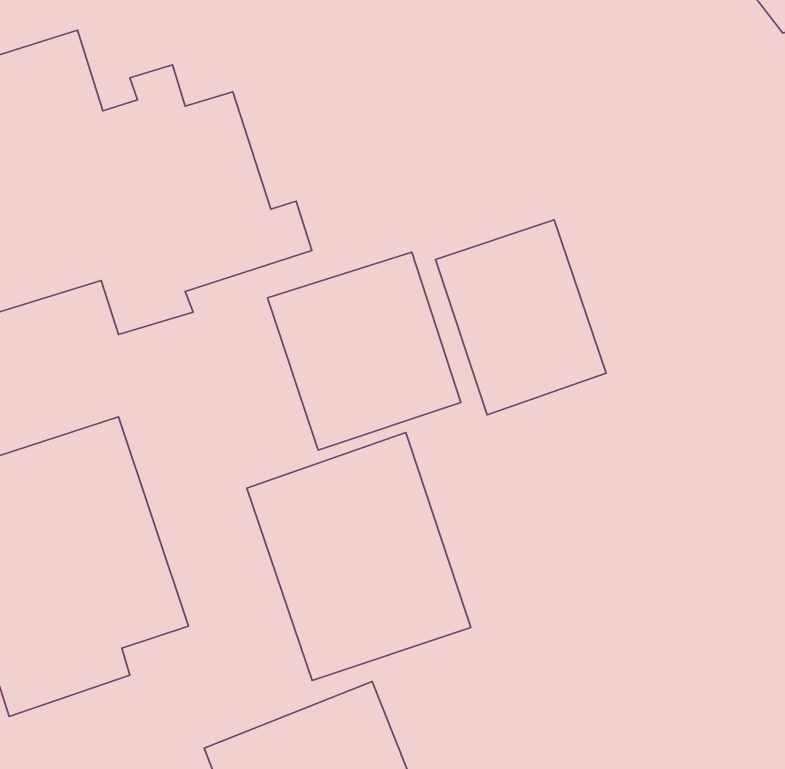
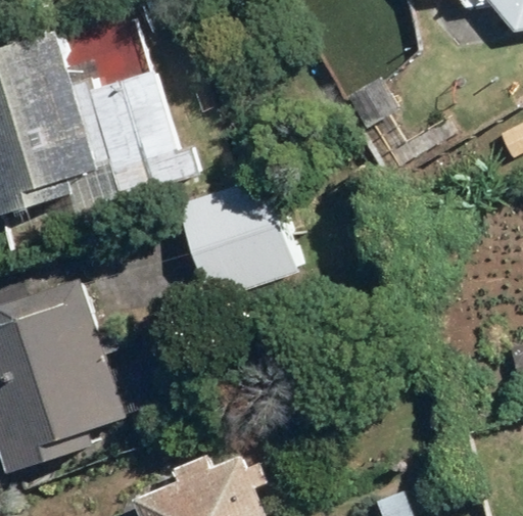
building: [436,220,606,415] -> none
building: [247,432,471,680] -> none

